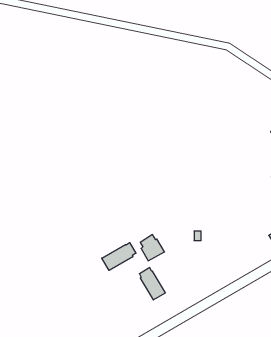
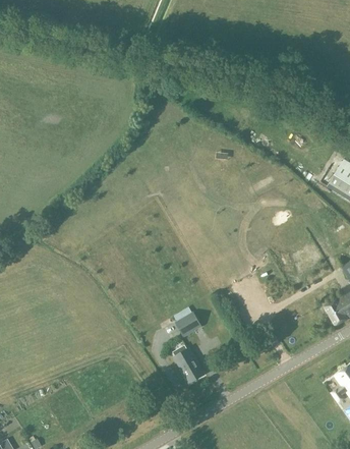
building: [102,243,136,270] -> none

